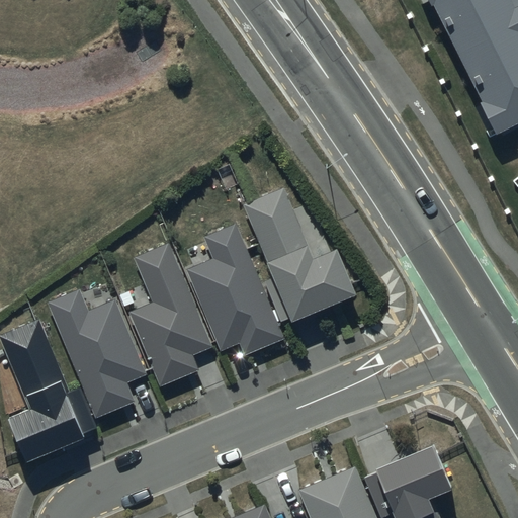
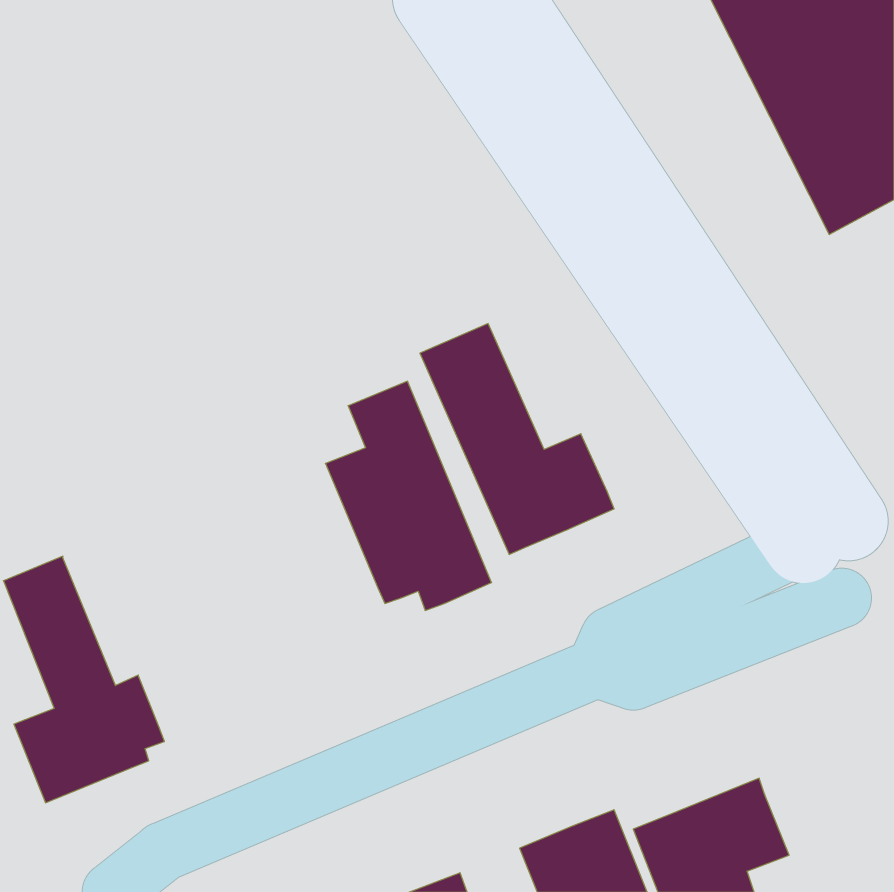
building: [128,244,212,387] -> none
building: [47,285,146,416] -> none

